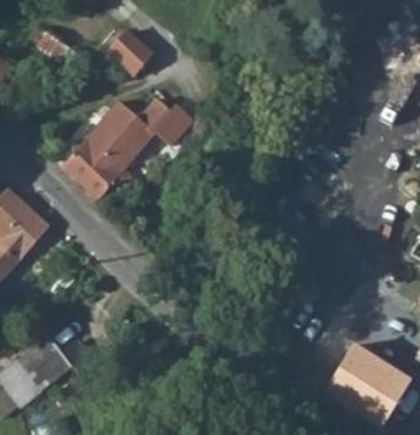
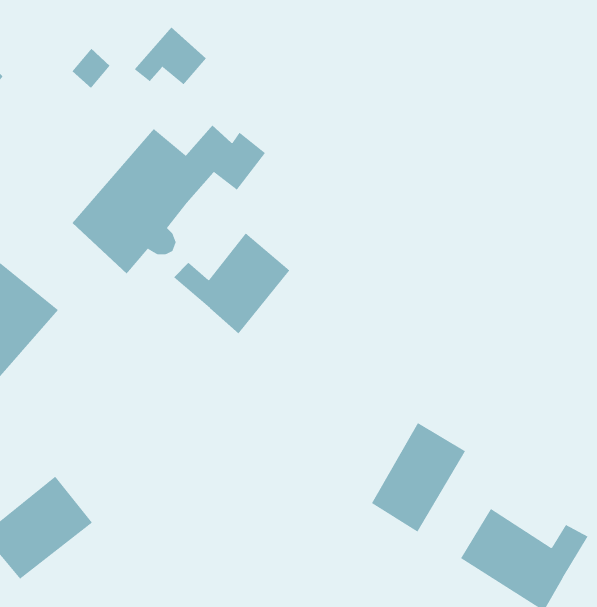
building: none -> [173,233,290,334]
building: none -> [371,422,466,532]

